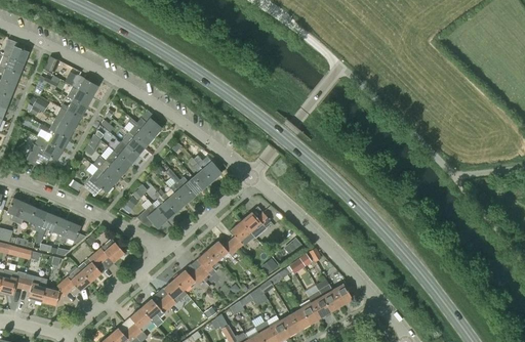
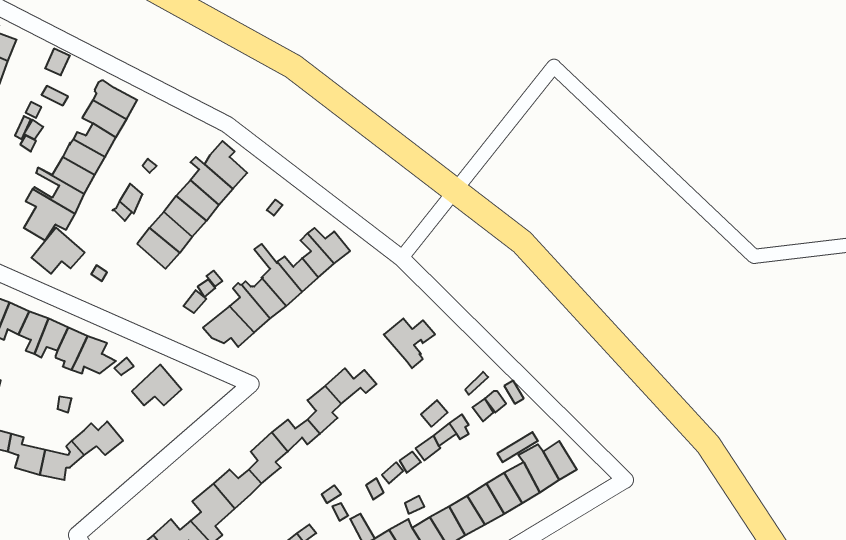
building: [84,169,115,196] -> [31,228,85,274]
building: [230,221,254,250] -> none
building: [78,254,103,283] -> none

